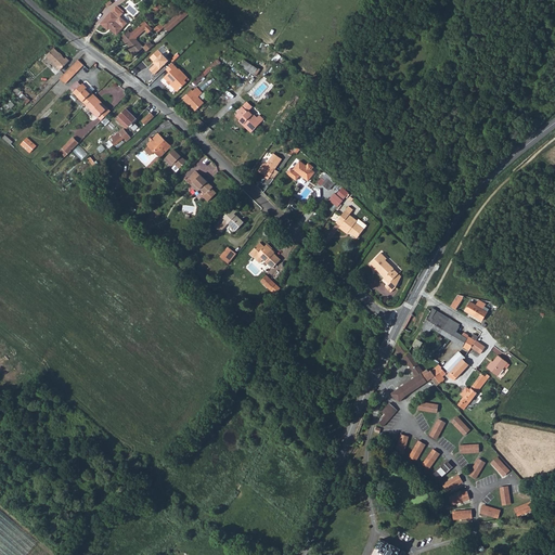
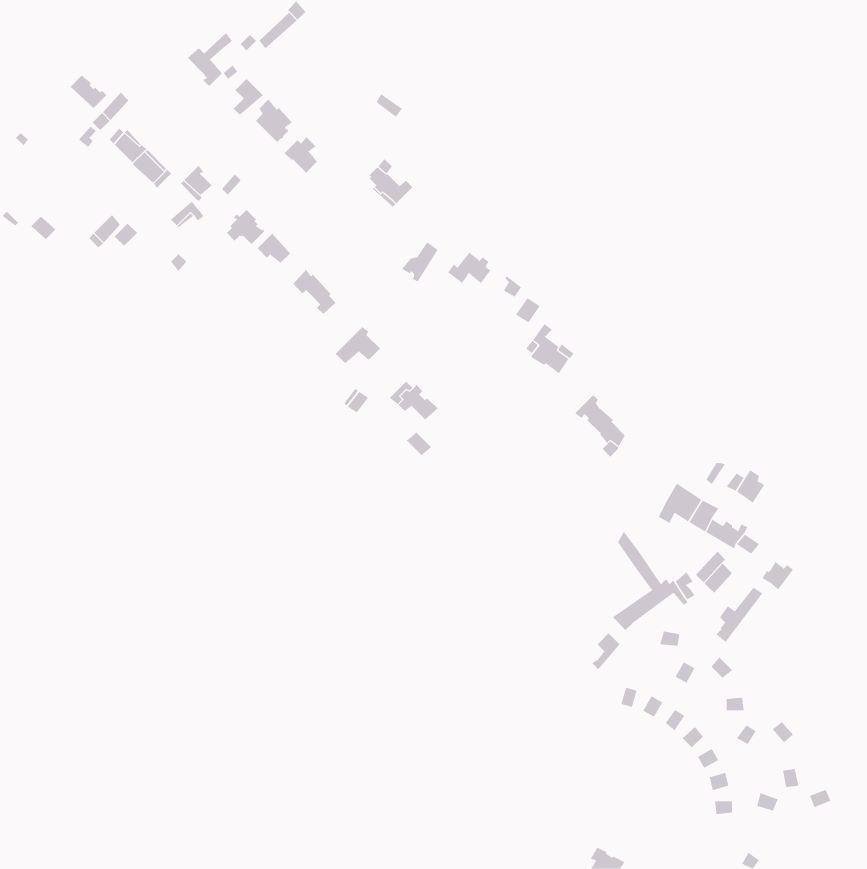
building: [99,4,129,35] -> none

